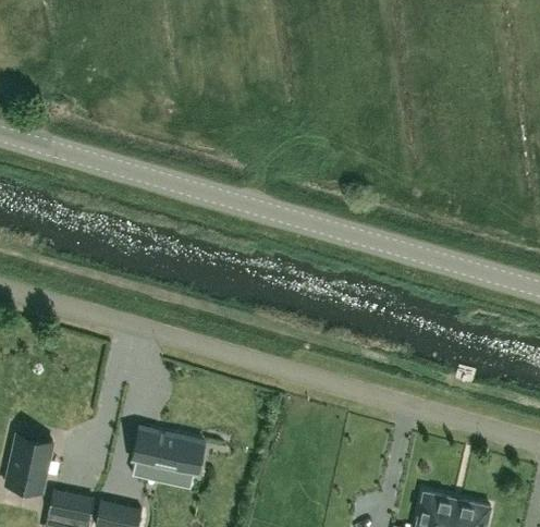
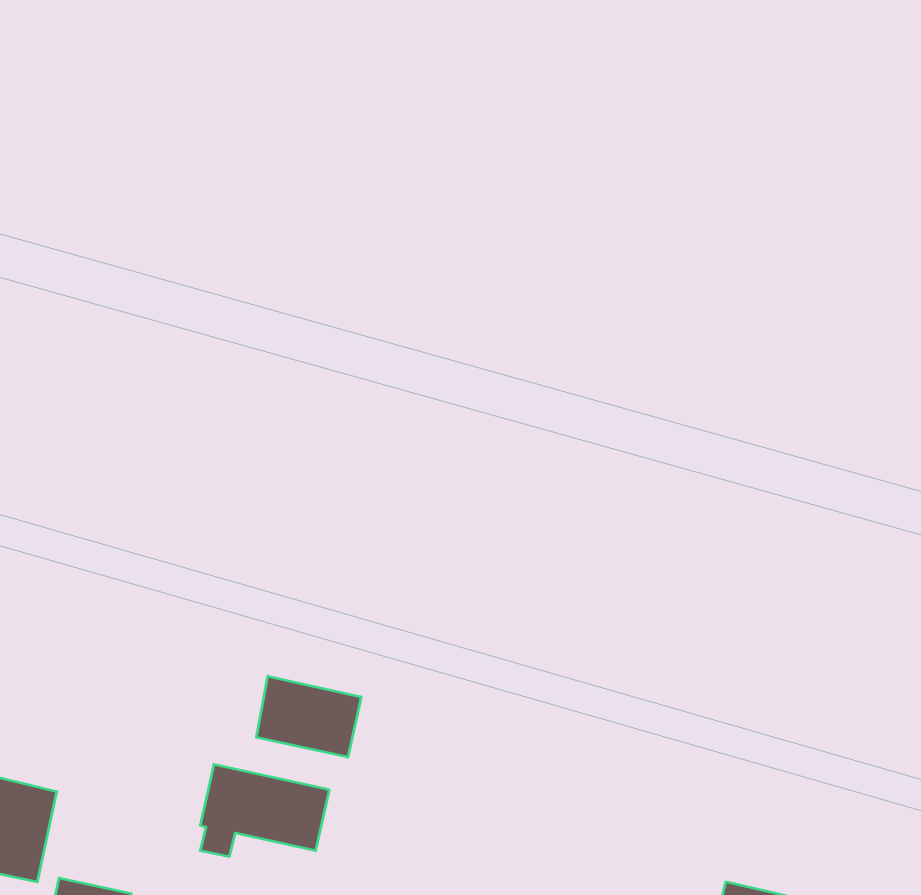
building: none -> [256,676,361,757]

